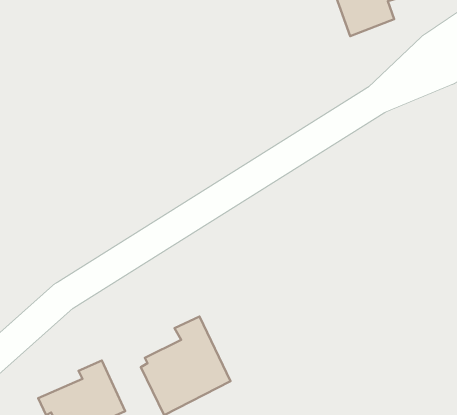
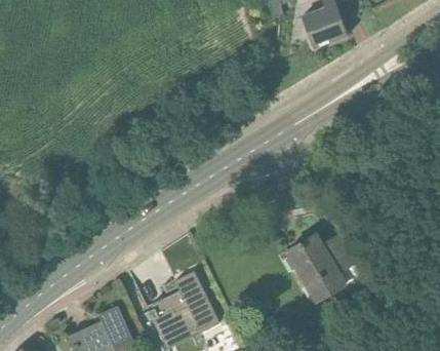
building: none -> [284,235,353,302]

